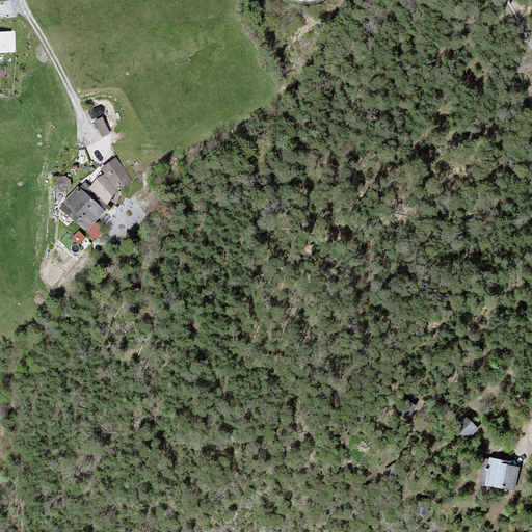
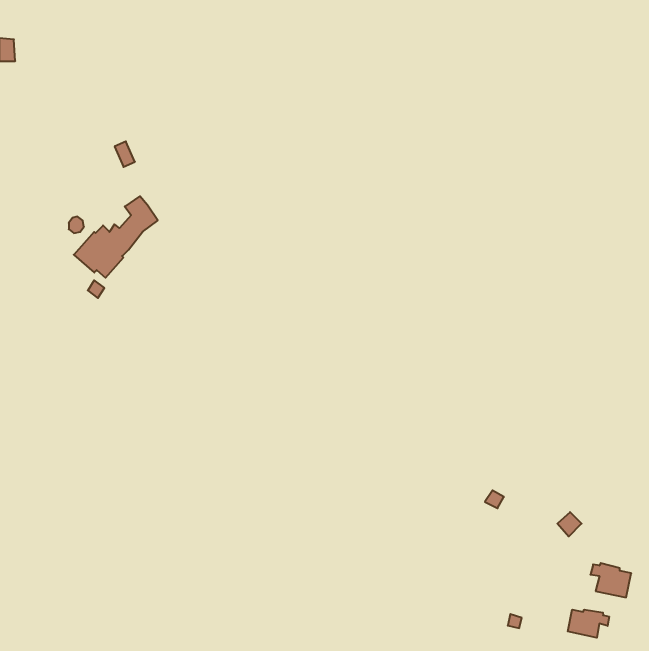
building: none -> [568,610,609,638]

